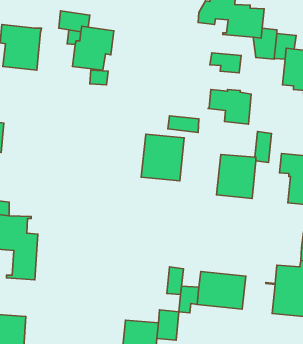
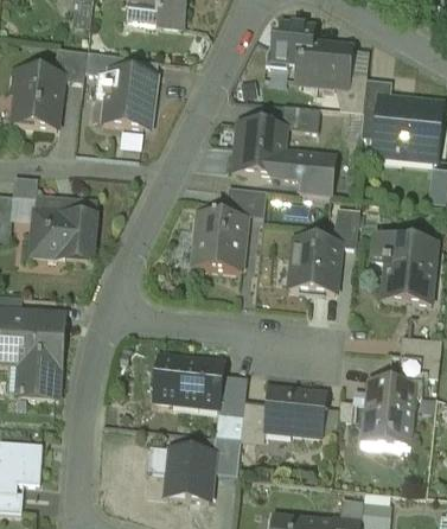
building: none -> [55,45,88,79]
building: none -> [235,120,286,174]
building: none -> [31,193,95,257]
building: none -> [153,352,224,406]

